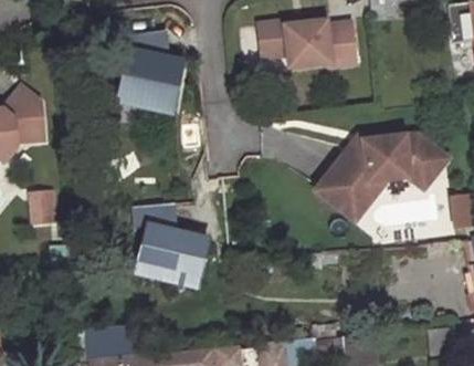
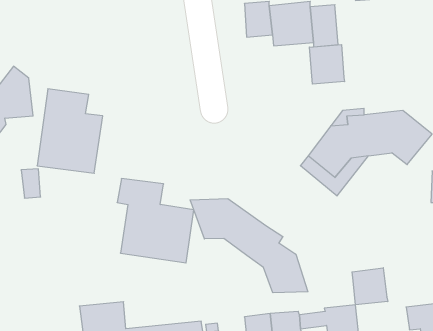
building: [115,28,182,114] -> [37,89,103,173]
building: none -> [309,45,345,84]
building: none -> [190,199,308,293]
building: none -> [352,268,388,305]

